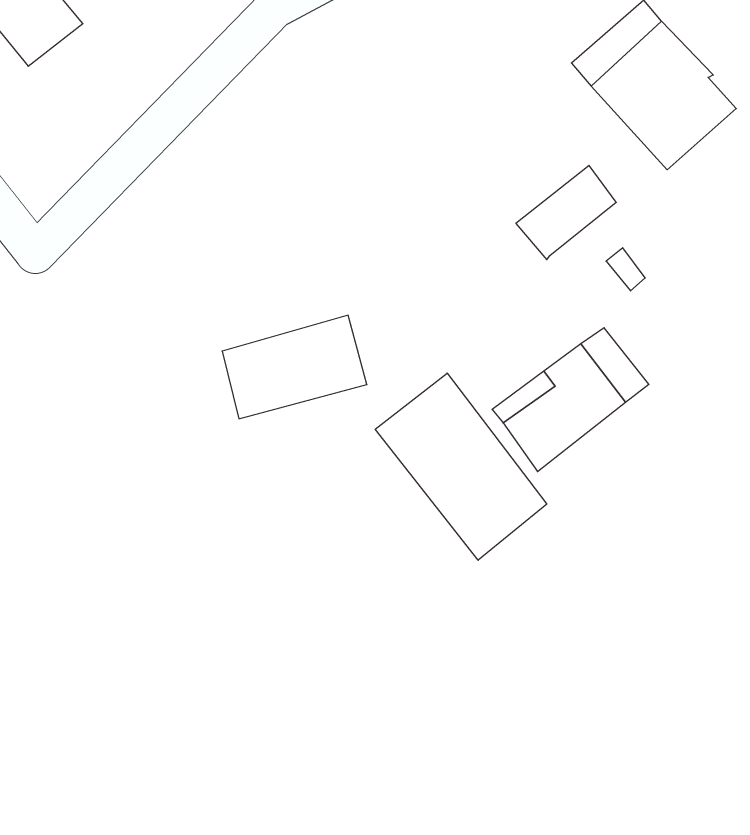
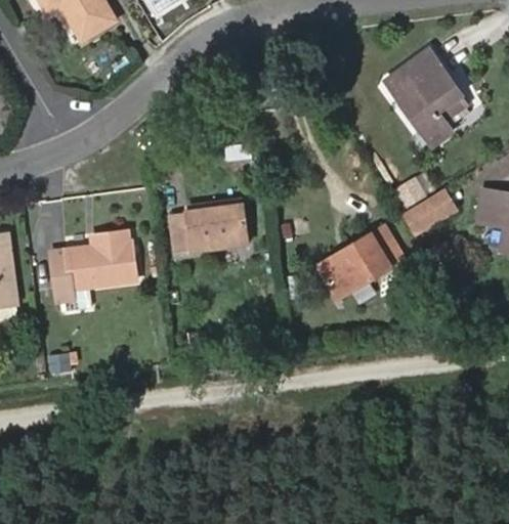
building: [516,165,616,260] -> [401,186,459,235]
building: [375,373,547,560] -> none
building: none -> [48,227,134,310]

